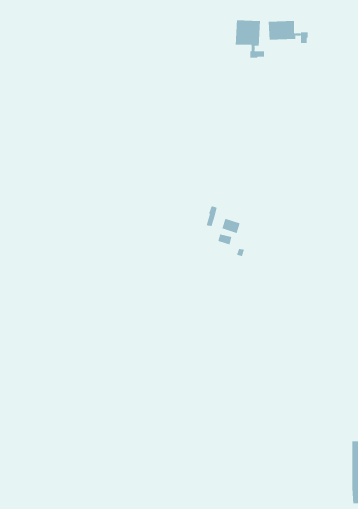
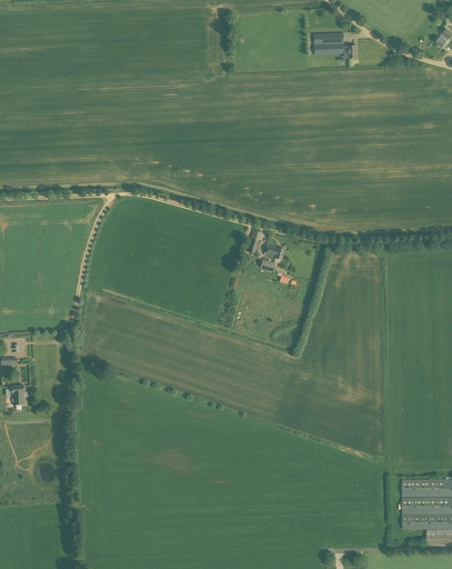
building: [235,20,264,59] -> none

